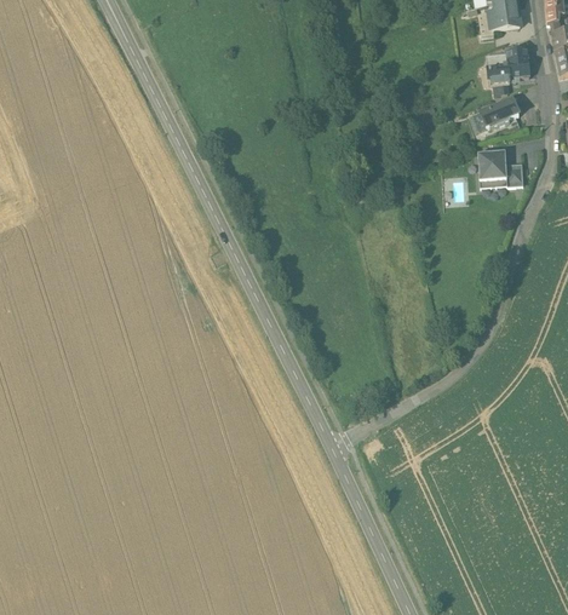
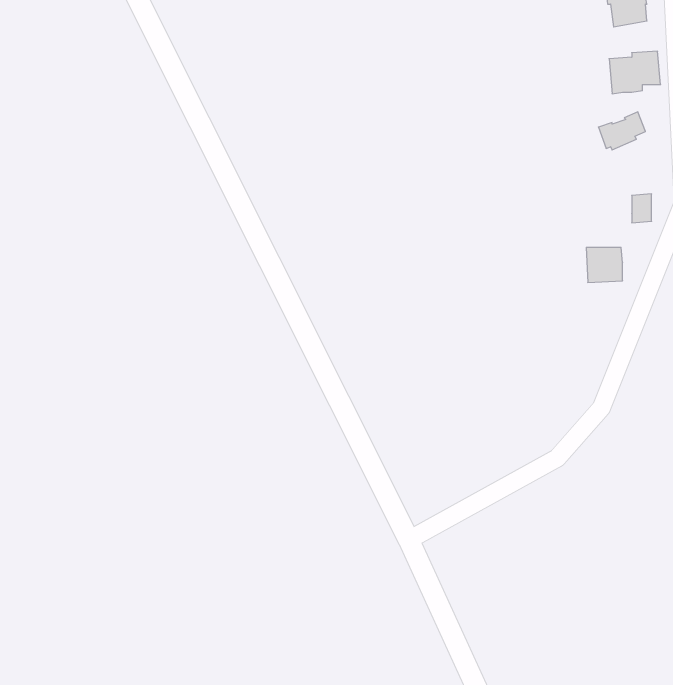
building: [478,151,507,179] -> [586,247,623,282]

